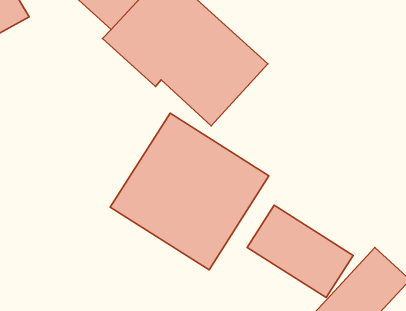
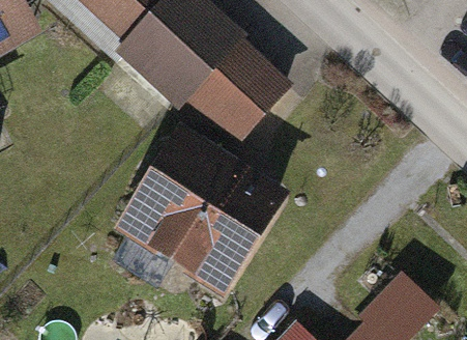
building: [247,205,353,298] -> none

